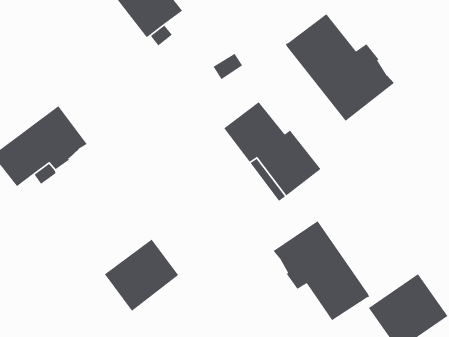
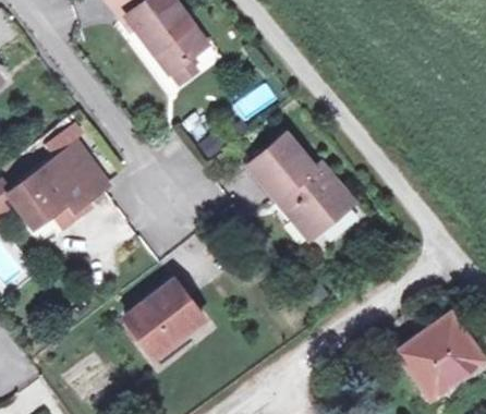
building: [285,13,395,122] -> none
building: [273,220,370,321] -> none

